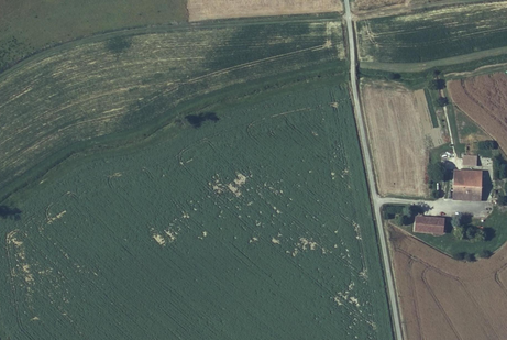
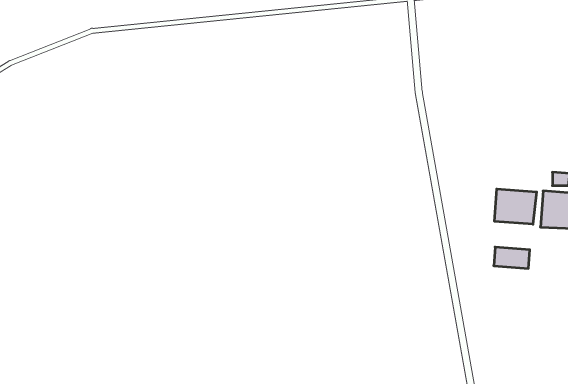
building: none -> [495,189,537,224]

